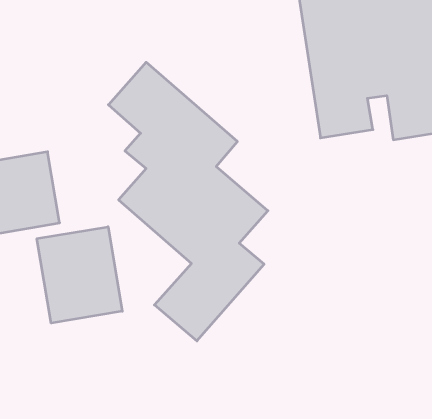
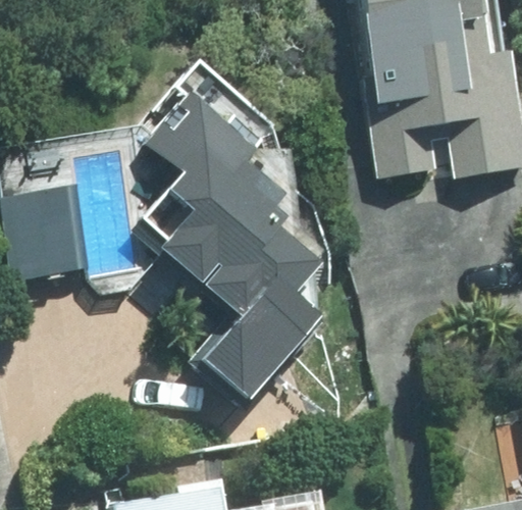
building: [37,227,122,323] -> none

